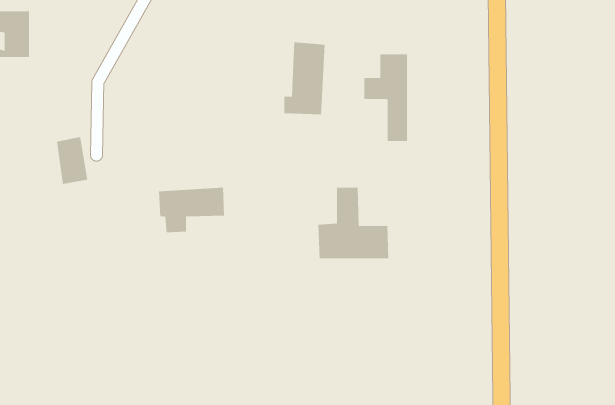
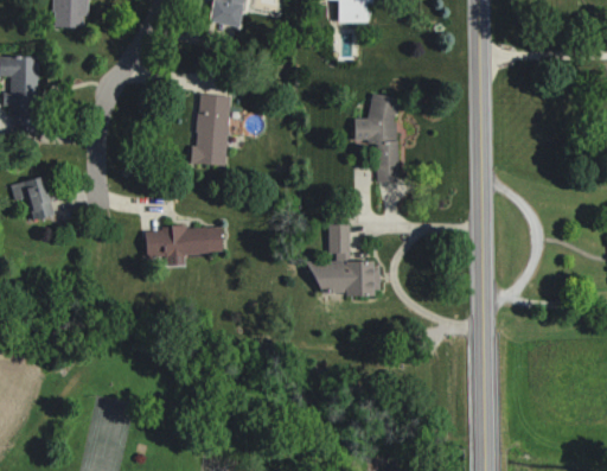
building: [284,42,326,115] -> [190,95,230,165]
building: [56,136,88,185] -> [23,176,53,222]

